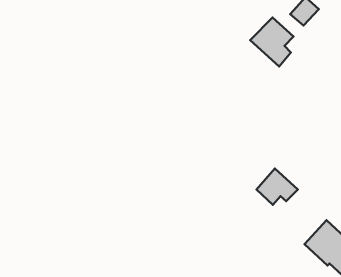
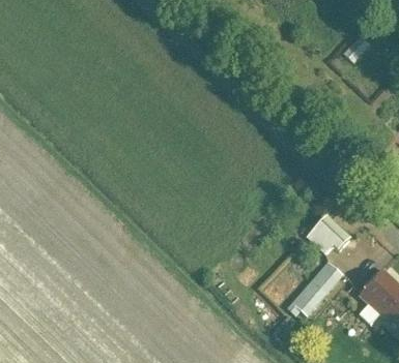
building: [250,18,293,67] -> none
building: none -> [293,259,345,316]

